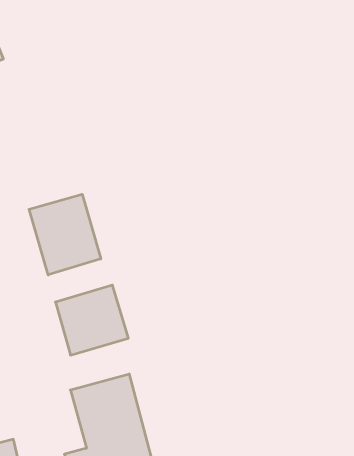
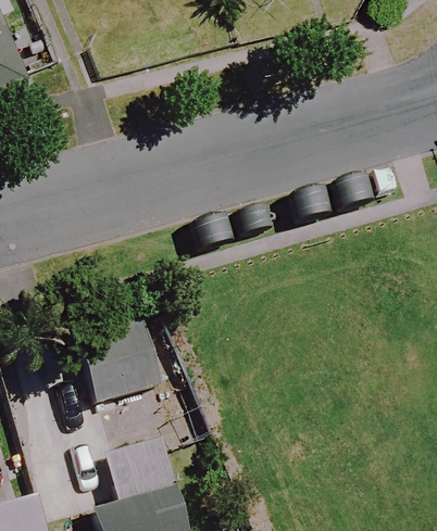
building: [29,194,101,275] -> none

